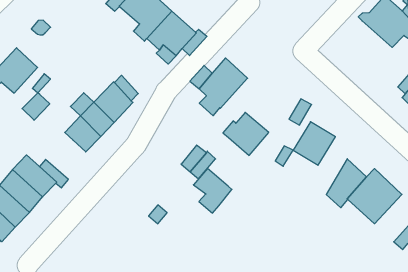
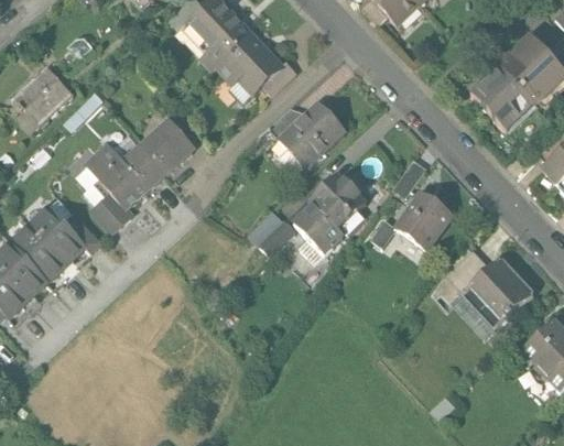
building: none -> [466,76,531,140]
building: [22,93,50,120] -> [84,155,120,191]
building: none -> [88,202,129,242]
building: [193,168,232,213] -> [290,214,339,272]

